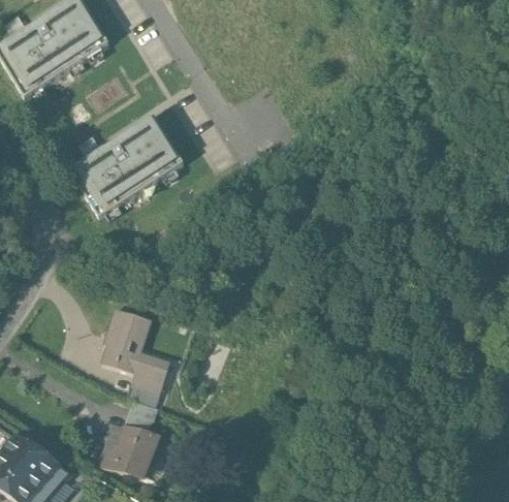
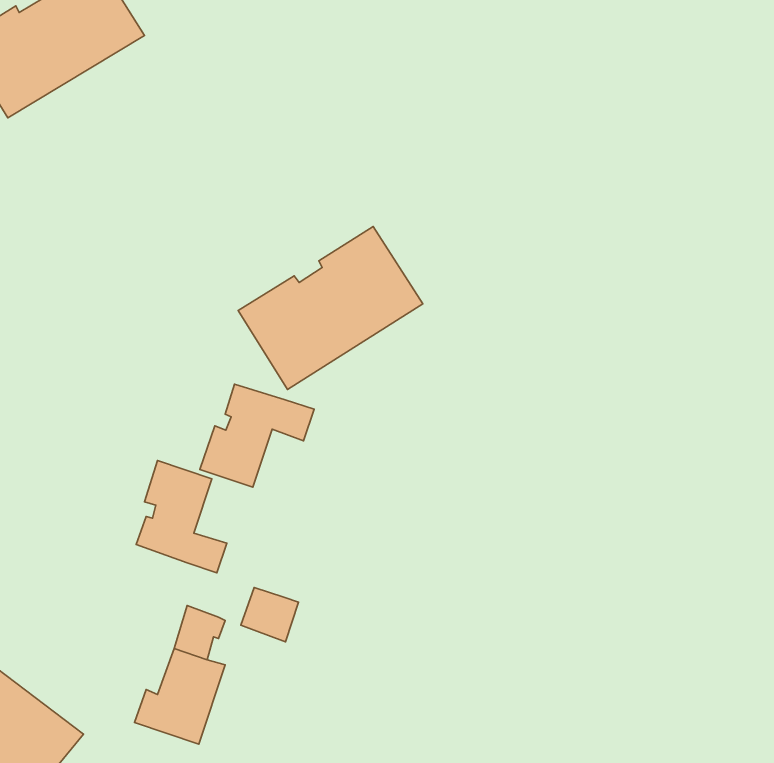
building: [68,112,184,214] -> [238,226,423,389]
building: none -> [200,384,314,487]
building: [128,371,164,405] -> [241,587,299,642]

